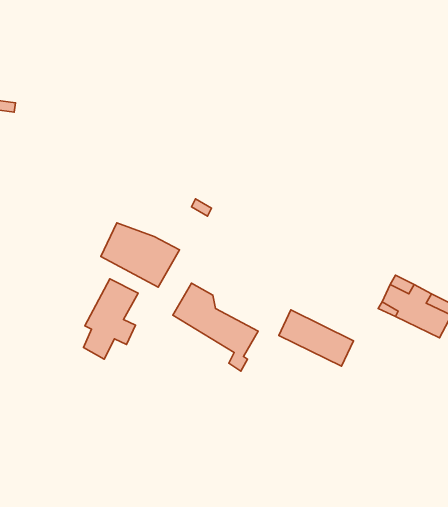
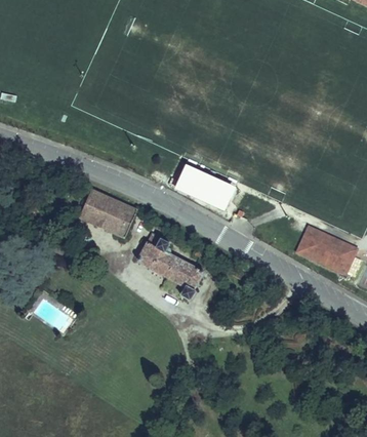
building: [84,279,138,359] -> none
building: [279,310,354,366] -> [168,165,226,208]

